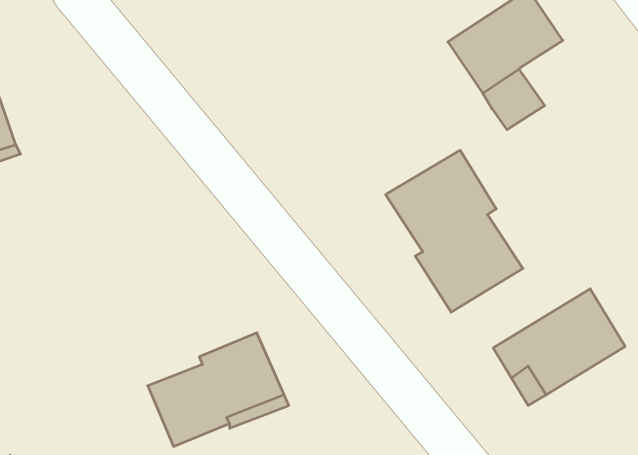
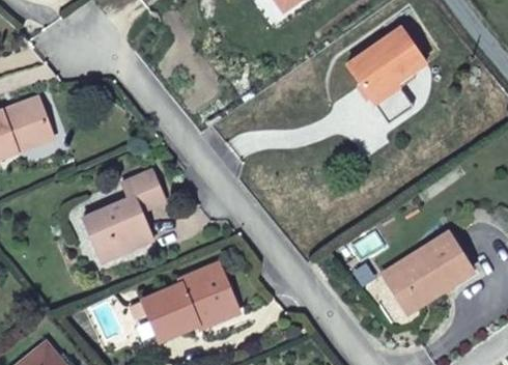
building: [386,150,523,312] -> none
building: none -> [84,170,168,256]

